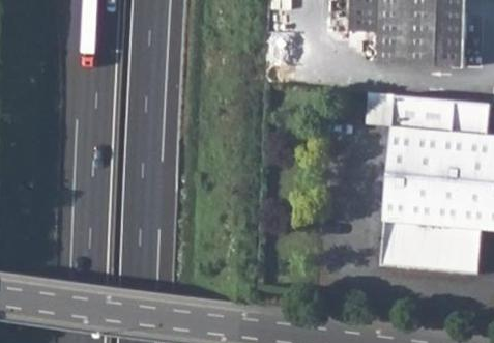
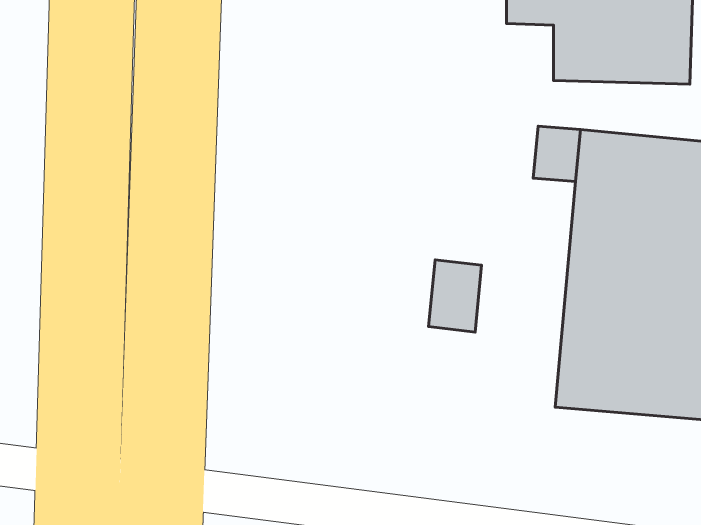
building: none -> [429,260,482,332]

